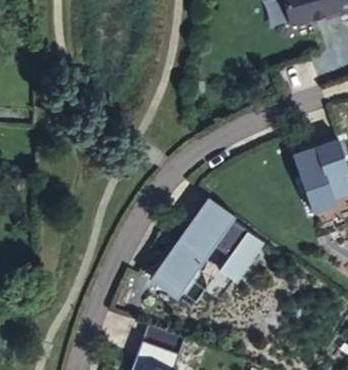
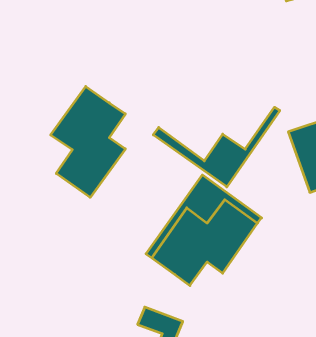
building: none -> [51,86,125,197]
building: none -> [153,107,280,187]

